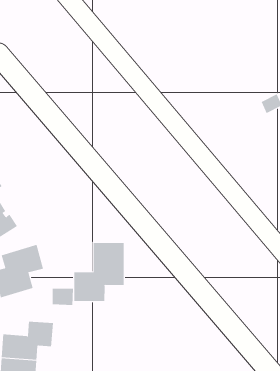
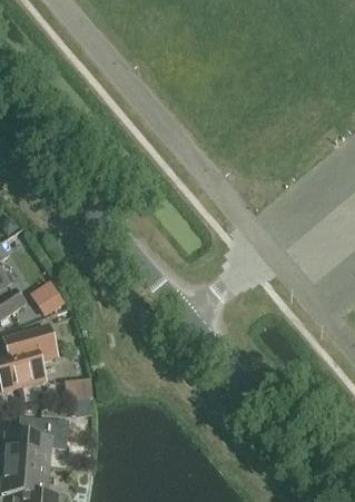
building: none -> [31,279,67,316]
building: [74,242,124,302] -> none

